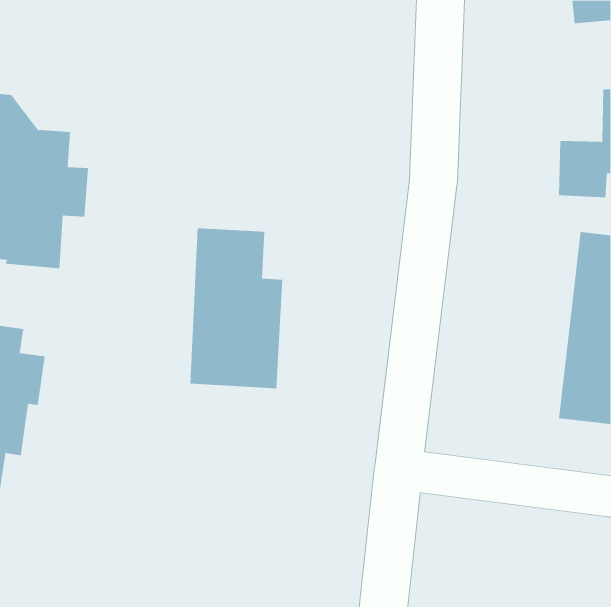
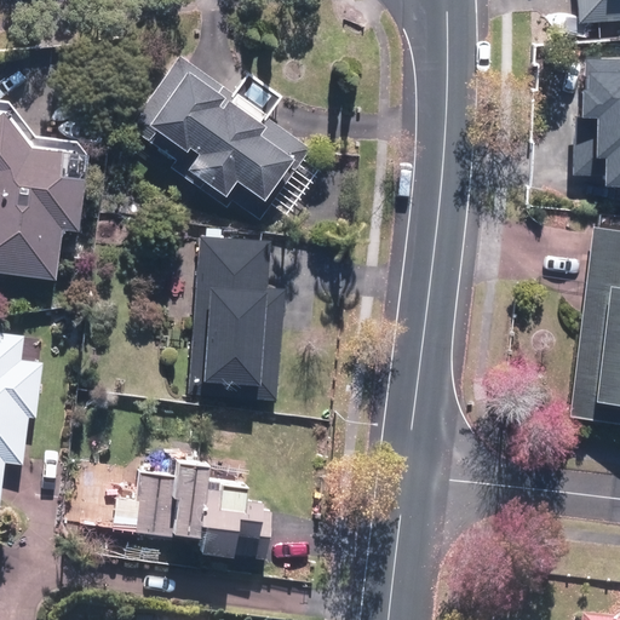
building: none -> [131,58,306,197]
building: none -> [102,457,271,556]

